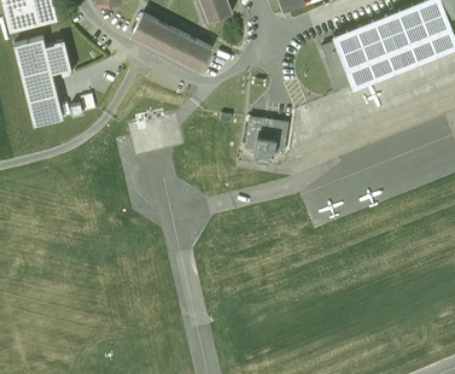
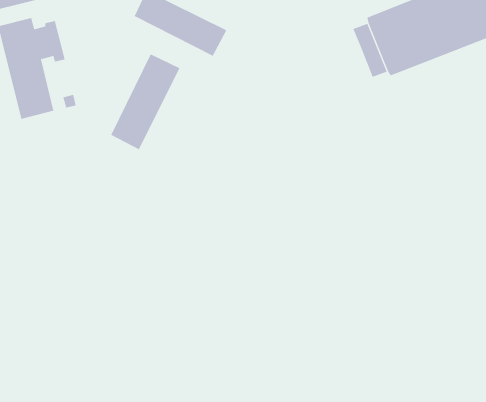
building: none -> [111,54,180,150]
building: [246,119,287,159] -> none

